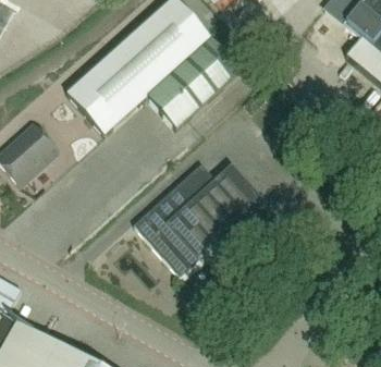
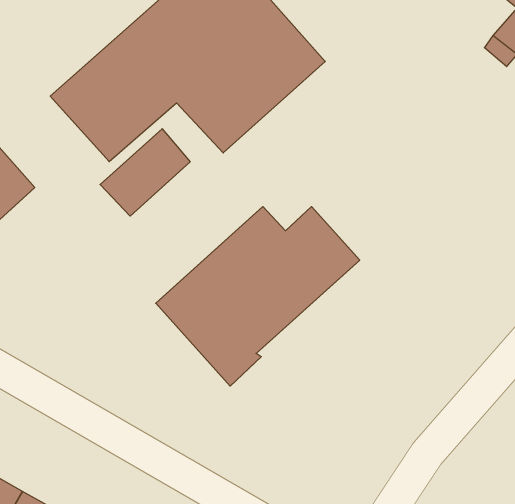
building: none -> [100,129,190,216]

